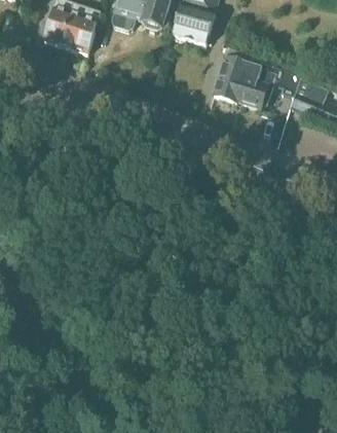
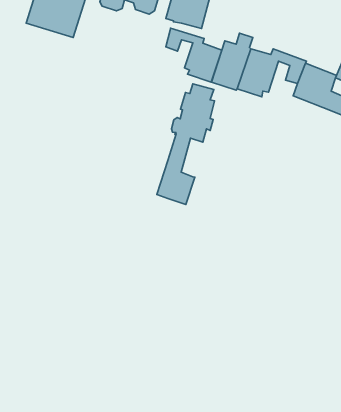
building: none -> [166,28,222,82]
building: none -> [157,84,214,205]

